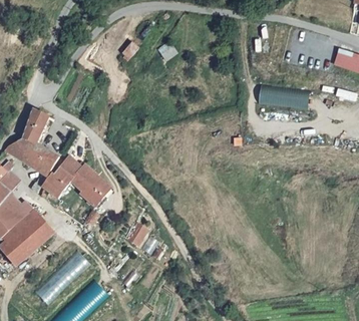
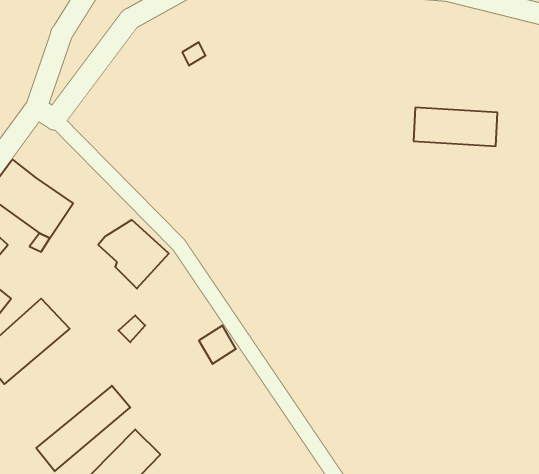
building: [19,103,46,138] -> none
building: [41,152,90,198] -> none

